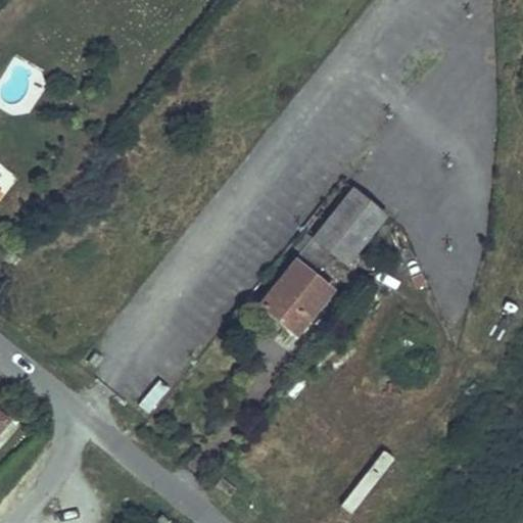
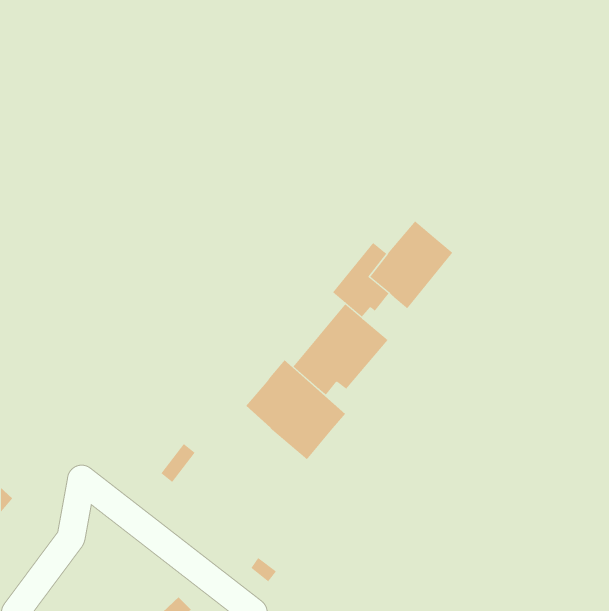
building: none -> [245,360,346,460]

